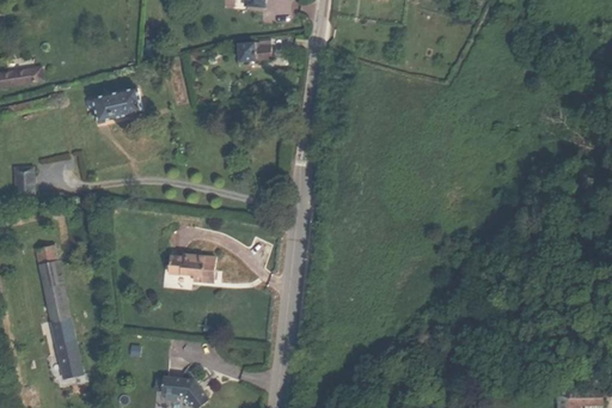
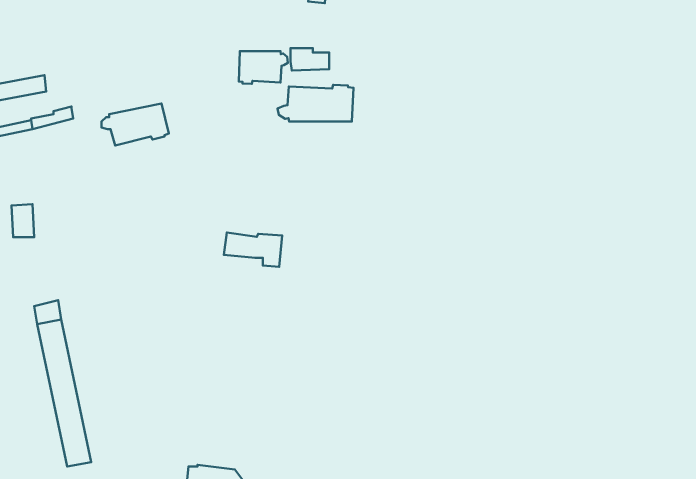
building: none -> [239,51,288,84]
building: none -> [277,85,354,121]
building: [172,254,219,281] -> [224,232,282,267]

